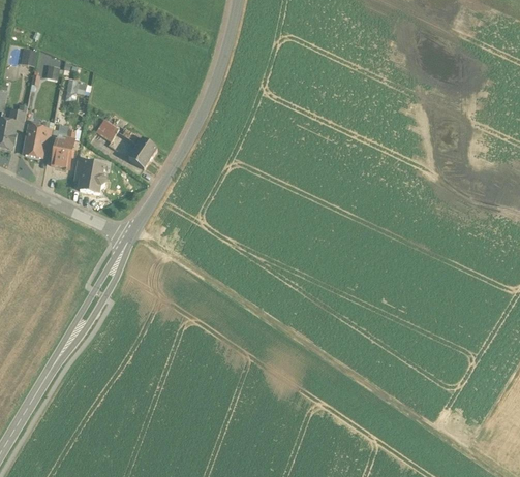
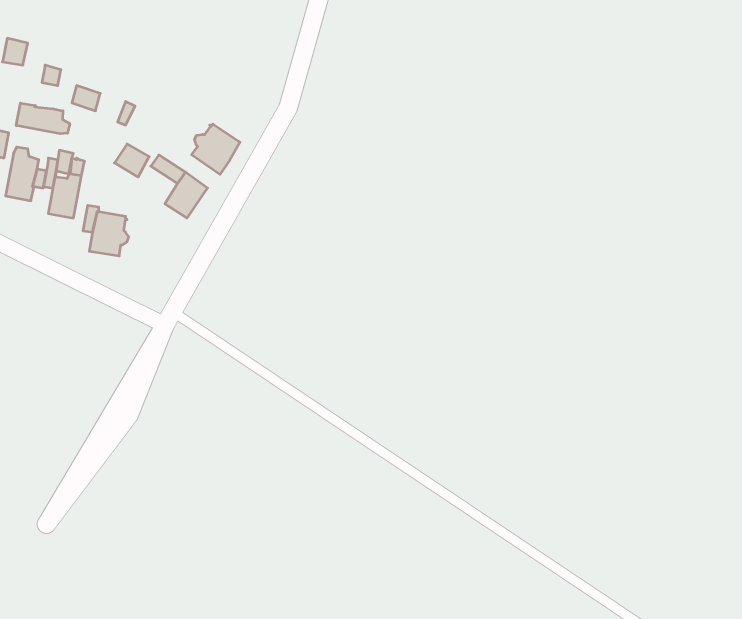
building: none -> [16,103,70,134]
building: none -> [192,124,240,174]

